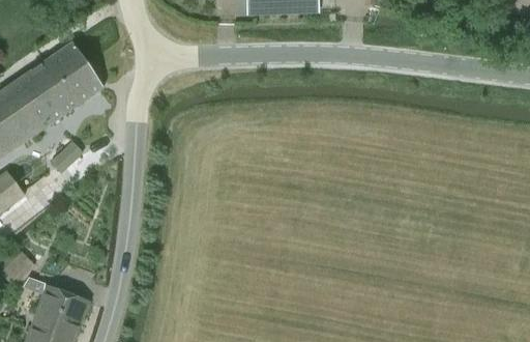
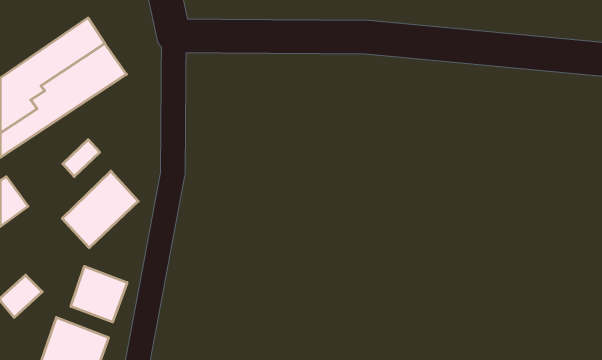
building: none -> [62,171,138,248]
building: none -> [71,266,127,322]

